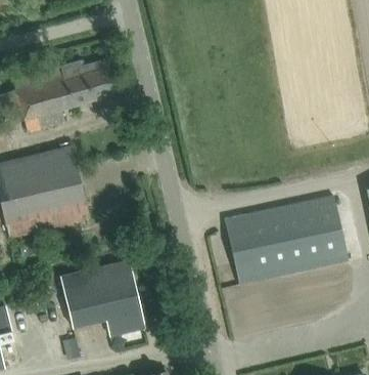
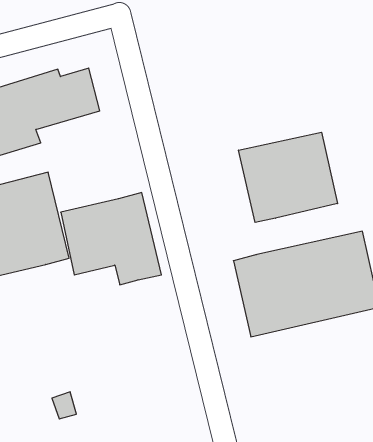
building: none -> [239,132,338,222]
building: [61,260,145,337] -> [61,193,161,285]

